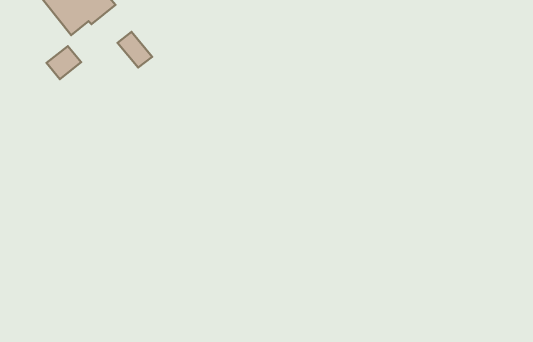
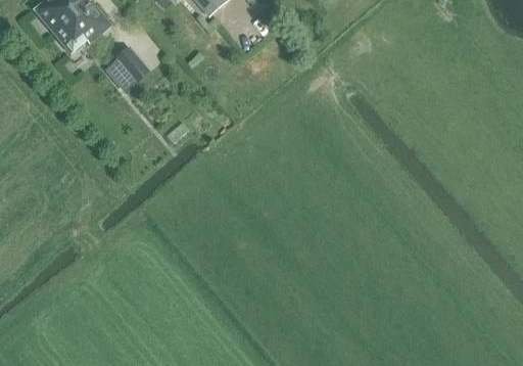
building: [46,46,81,79] -> none

